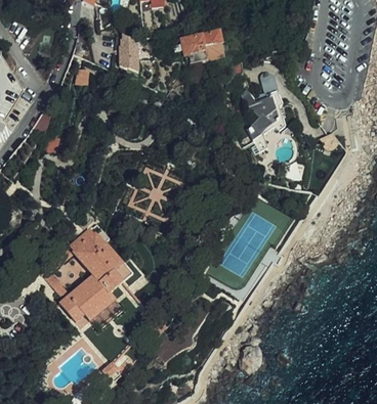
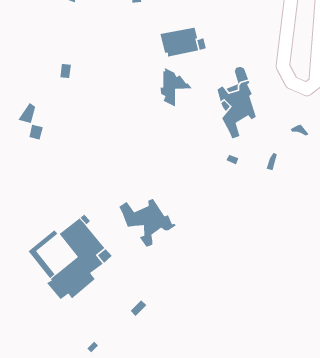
building: [118,35,154,79] -> [160,67,193,108]
building: none -> [118,198,177,248]

